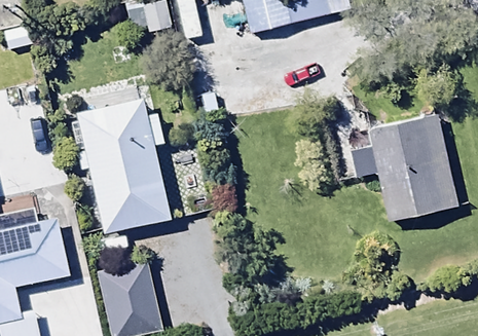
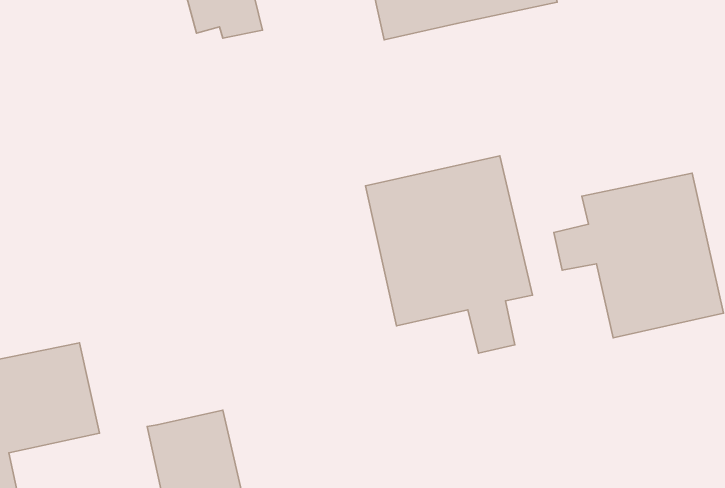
building: [76,99,172,233] -> none
building: none -> [365,156,533,353]

